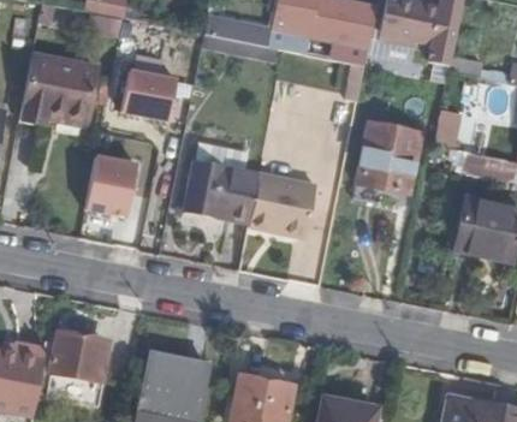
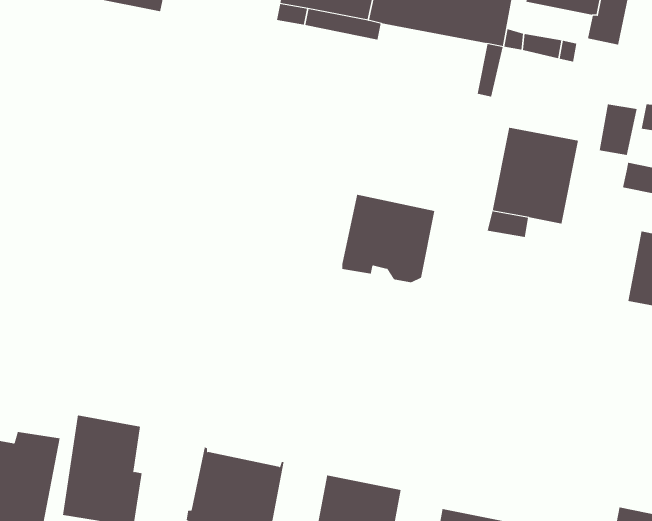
building: [22,54,99,119] -> none
building: [118,63,178,120] -> none
building: [186,143,261,222] -> none
building: [84,150,136,214] -> none

